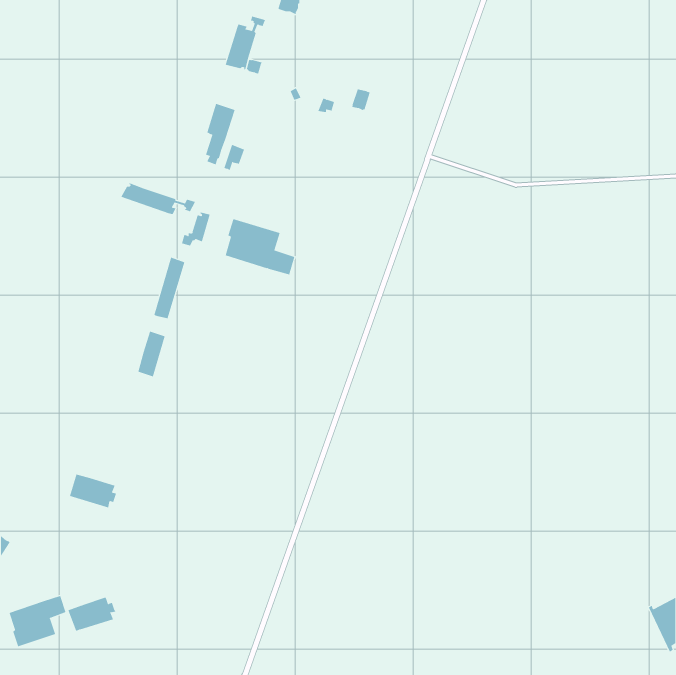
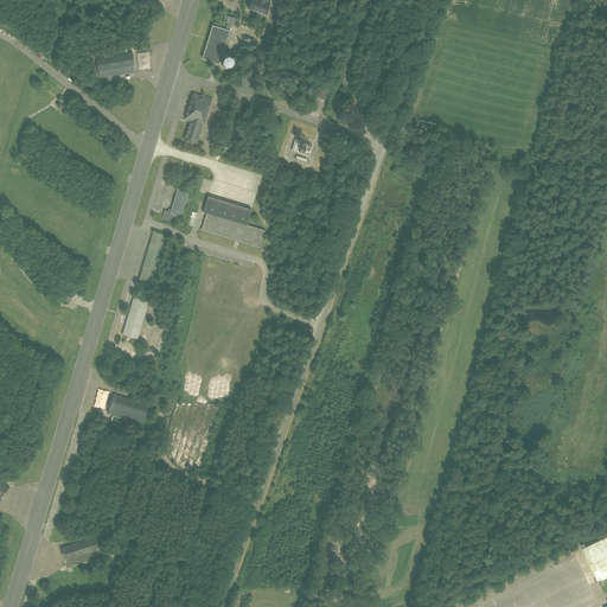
building: none -> [92,51,135,77]
building: [121,183,196,215] -> none
building: [69,474,117,508] -> [108,392,151,423]
building: [9,595,66,647] -> none

